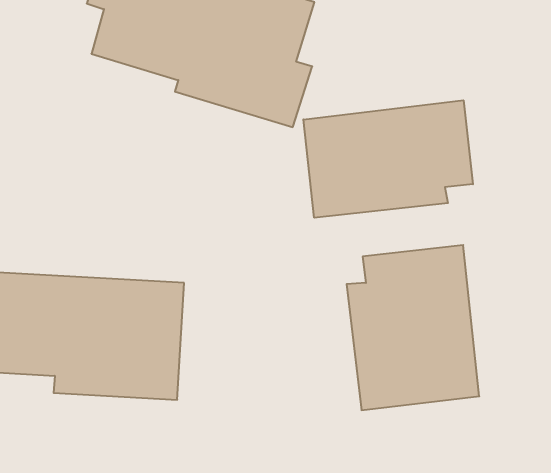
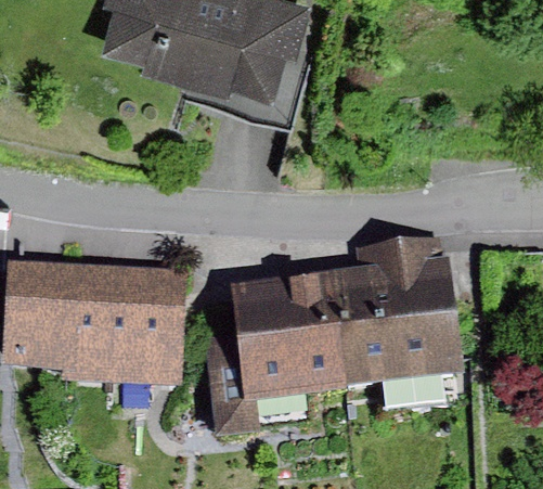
building: [303,100,473,218] -> none
building: none -> [206,272,353,441]

